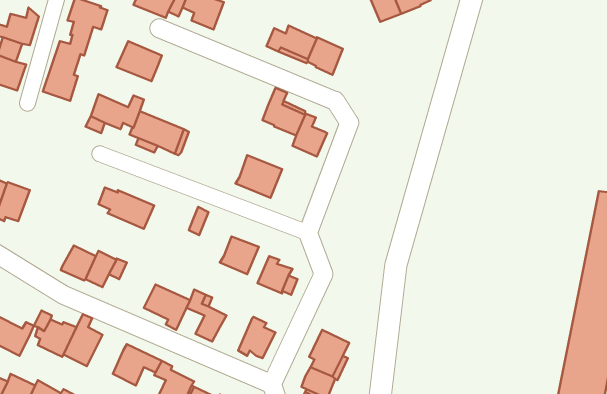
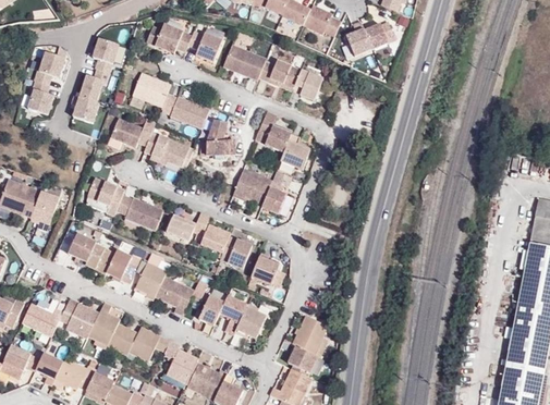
building: none -> [223,44,267,79]
building: none -> [161,93,209,128]
building: none -> [207,119,236,155]
building: none -> [261,171,291,213]
building: none -> [88,177,125,216]
building: none -> [167,213,197,241]
building: none -> [201,224,231,253]
building: none -> [69,233,97,261]
building: none -> [136,261,168,298]
building: none -> [220,295,247,334]
building: none -> [108,323,138,354]

